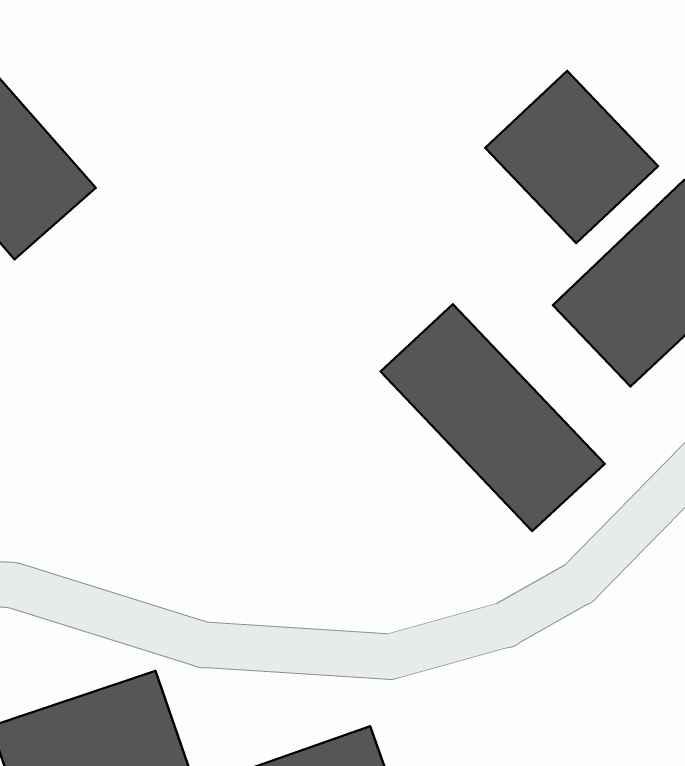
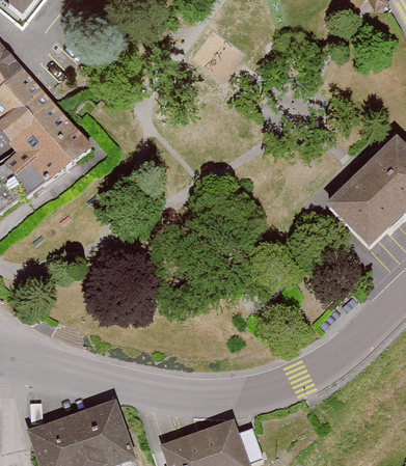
building: [485,71,658,243] -> none
building: [380,304,605,531] -> none

